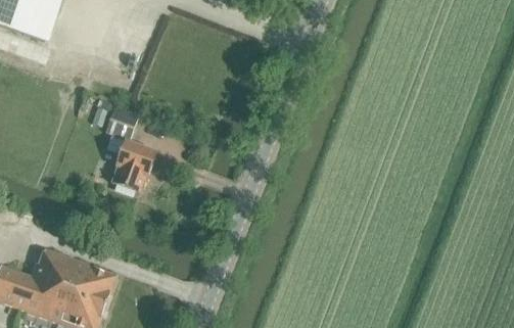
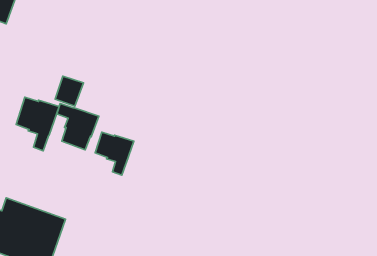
building: none -> [16,97,59,151]
building: none -> [95,132,134,175]

